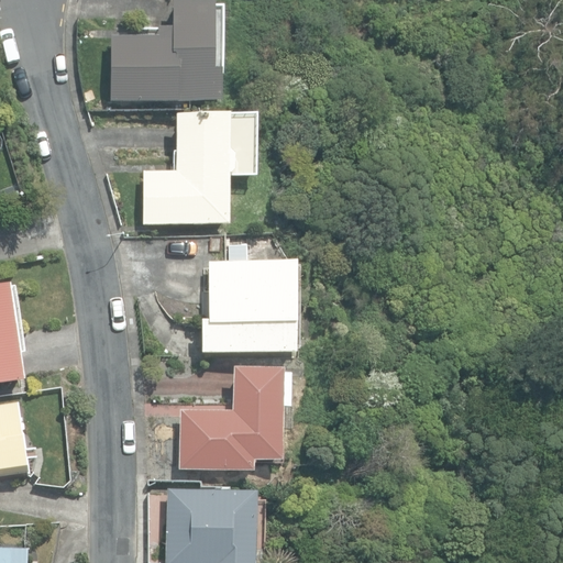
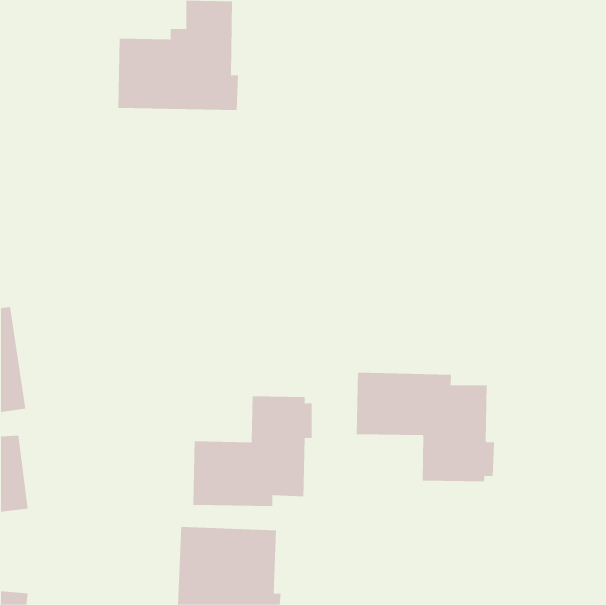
building: [144,113,235,224] -> none
building: [202,262,296,352] -> none
building: none -> [356,372,495,482]

